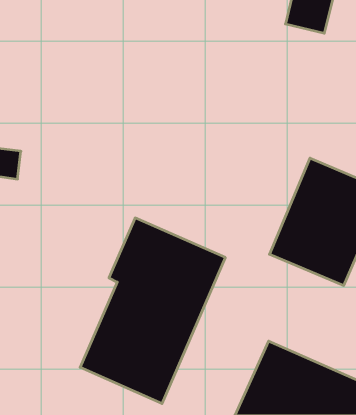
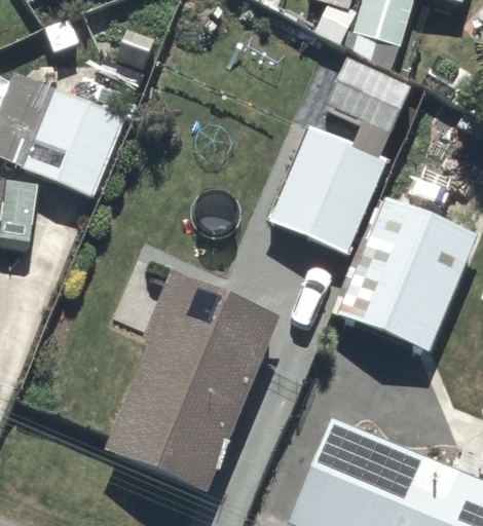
building: none -> [265,55,412,254]
building: none -> [16,85,124,197]

